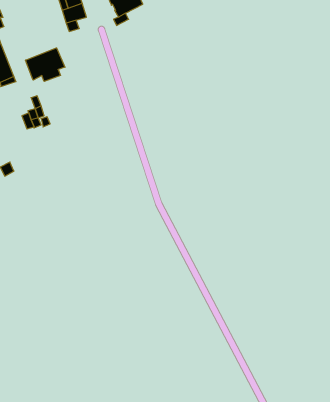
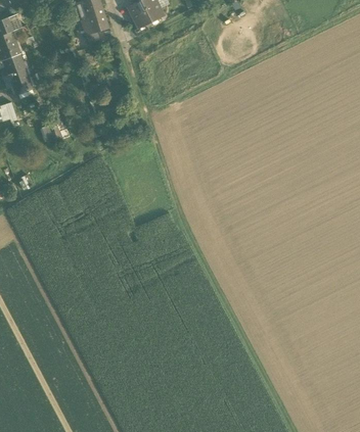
building: [26,48,65,81] -> none

